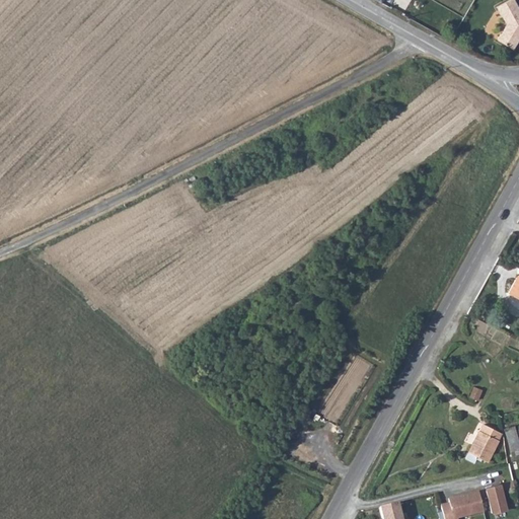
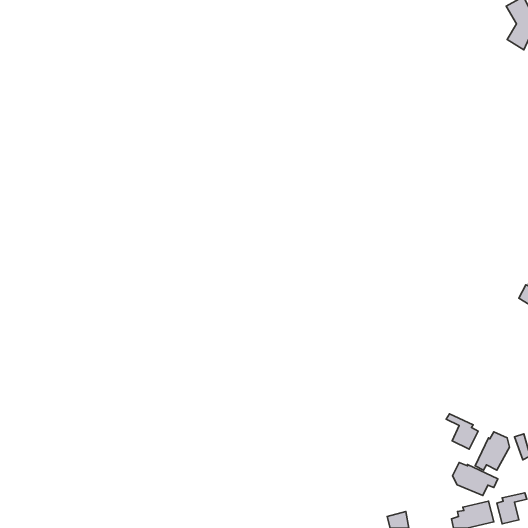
building: none -> [446,414,478,449]
building: none -> [452,463,498,496]

